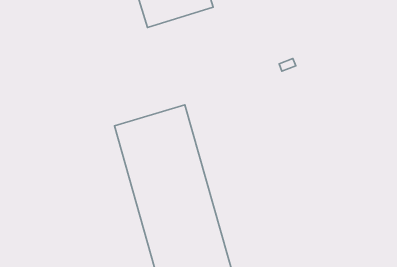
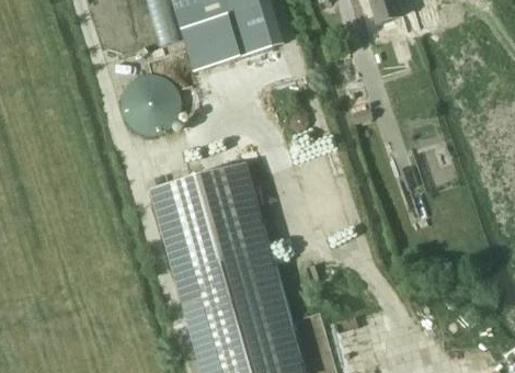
building: none -> [116,67,183,134]

